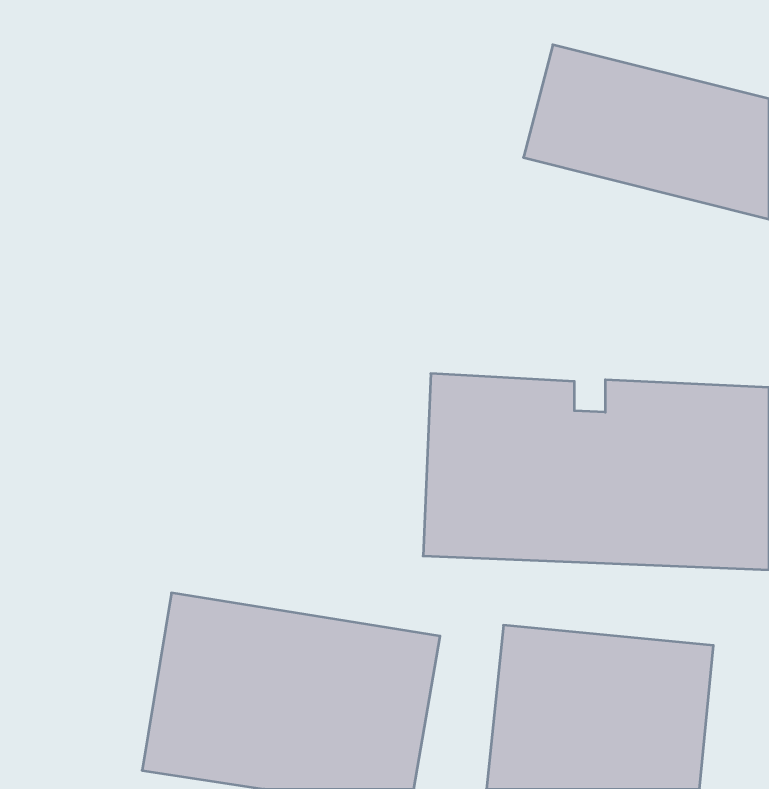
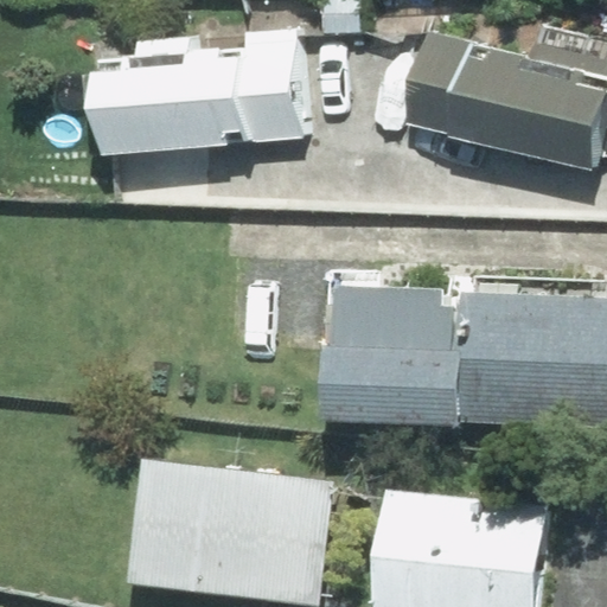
building: none -> [101,28,300,147]

